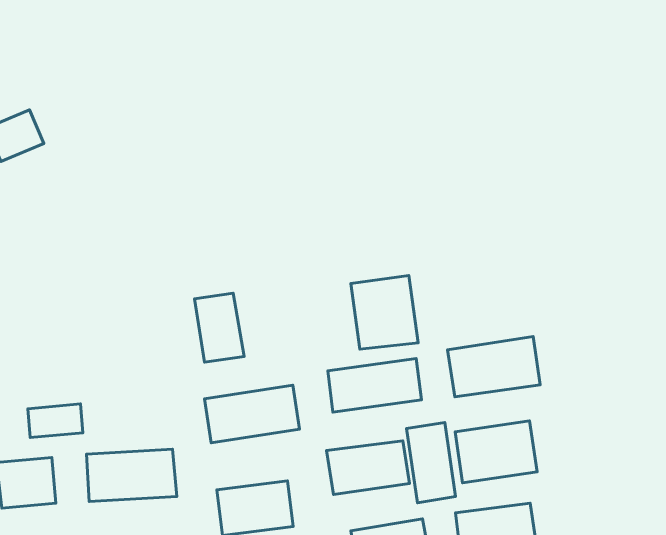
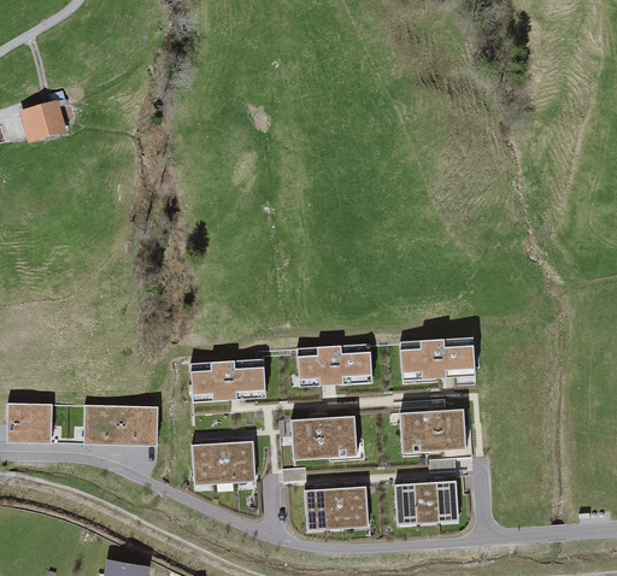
building: [351,275,418,349] -> none
building: [195,293,244,362] -> none
building: [28,404,83,438] -> none
building: [407,422,456,503] -> none

